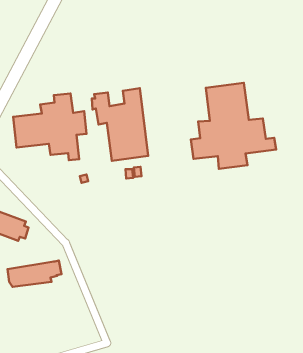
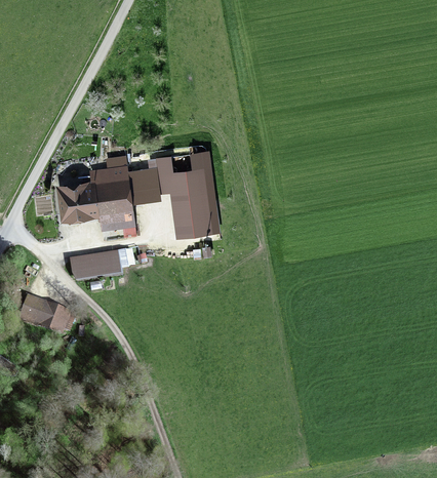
building: [191,83,276,169] -> none
building: [7,261,61,287] -> [69,248,134,280]

